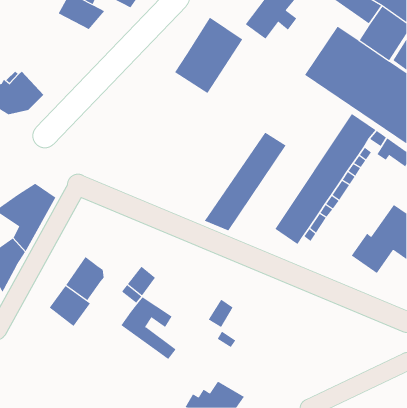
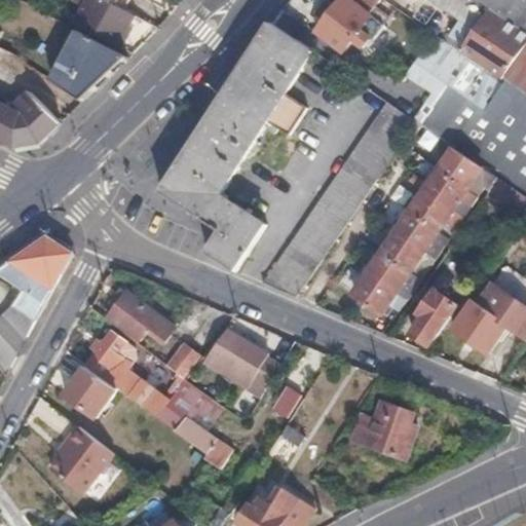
building: none -> [48,30,124,100]
building: none -> [159,92,275,270]
building: none -> [339,102,413,186]
building: none -> [408,288,454,344]
building: none -> [104,294,173,342]
building: none -> [202,329,277,394]
building: none -> [112,368,166,416]
building: none -> [349,399,417,457]
building: none -> [45,422,116,494]

